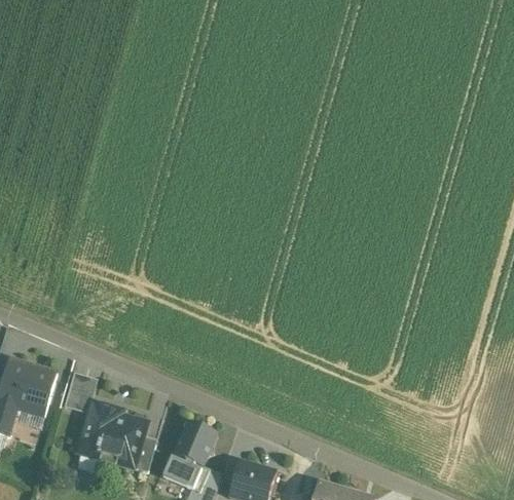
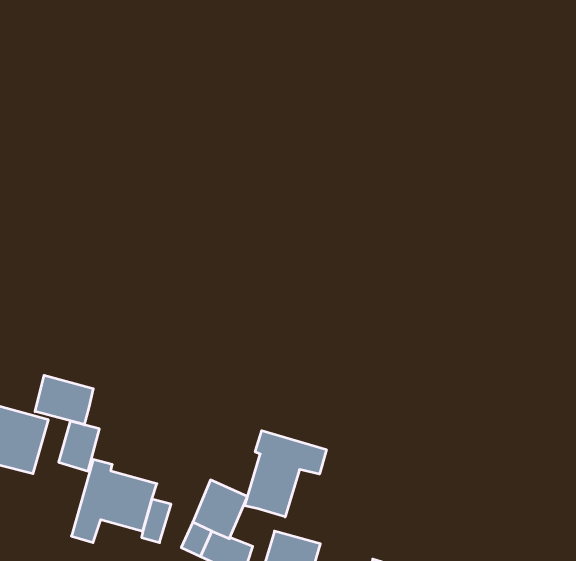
building: none -> [35,375,93,425]
building: none -> [245,431,326,517]

